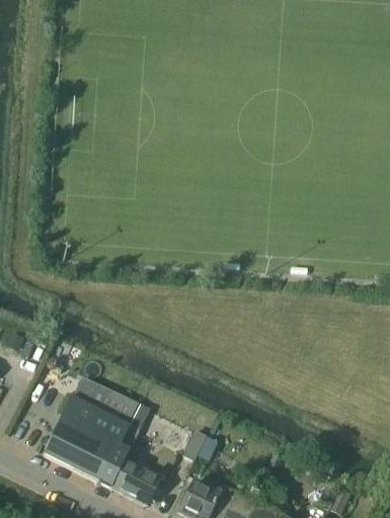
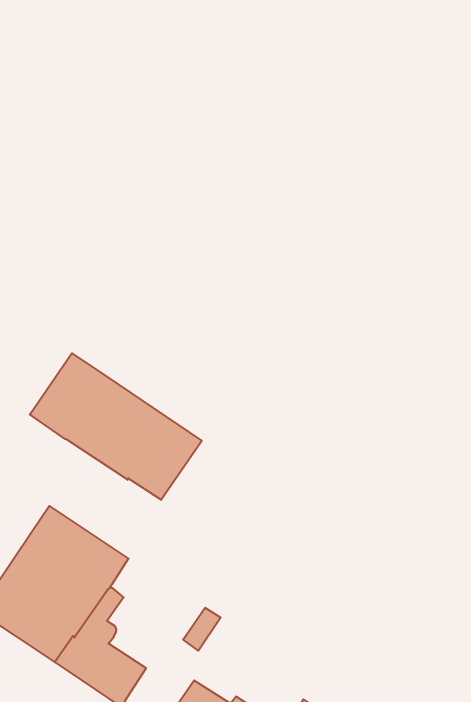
building: none -> [30,353,202,500]

